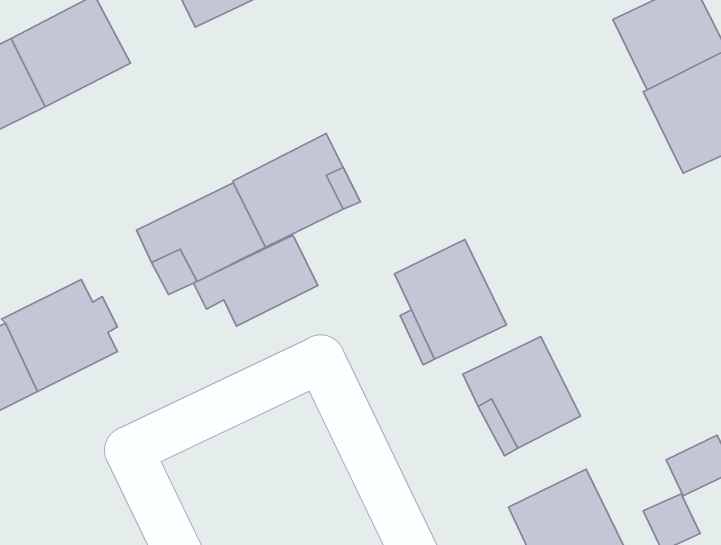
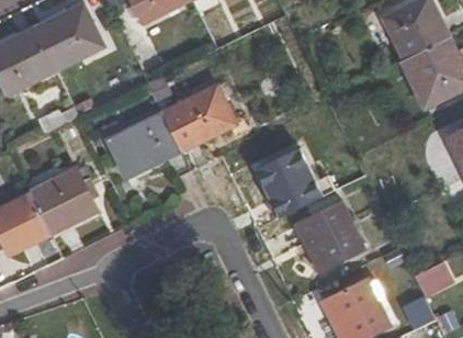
building: [194,235,318,326] -> none

